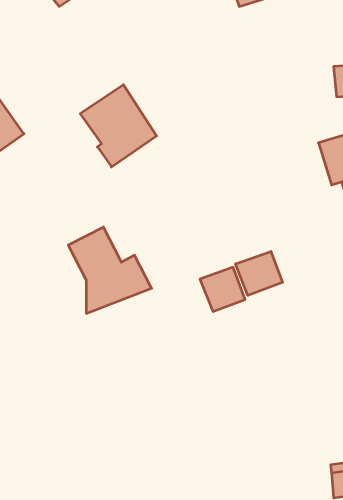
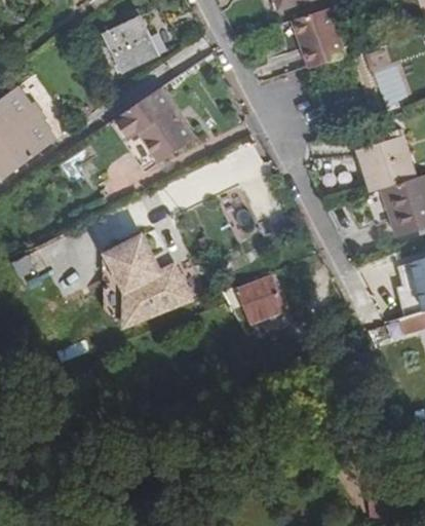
building: none -> [277,7,345,67]
building: none -> [104,16,158,71]
building: [236,251,283,295] -> none

